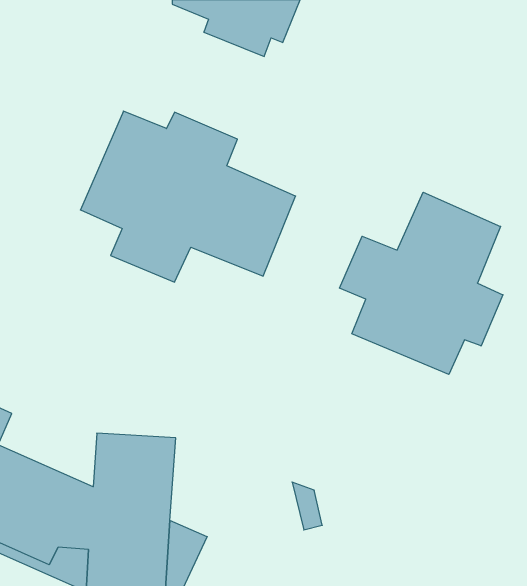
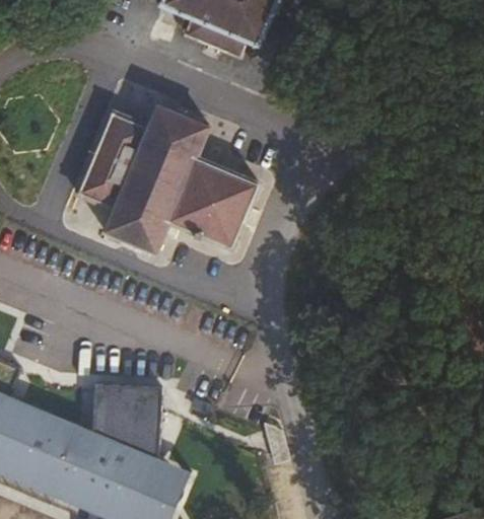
building: [339,192,503,374] -> none

